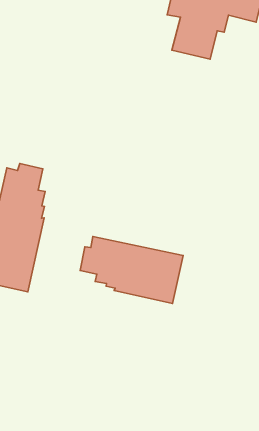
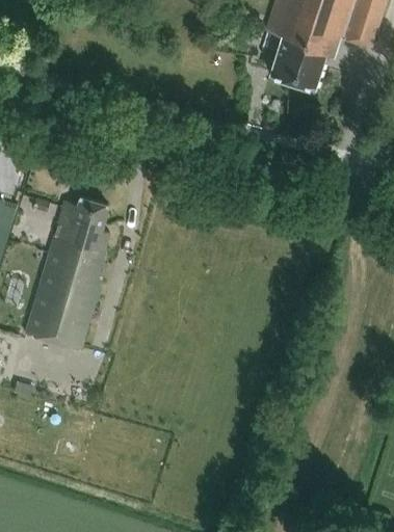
building: [80,237,183,303] -> none

